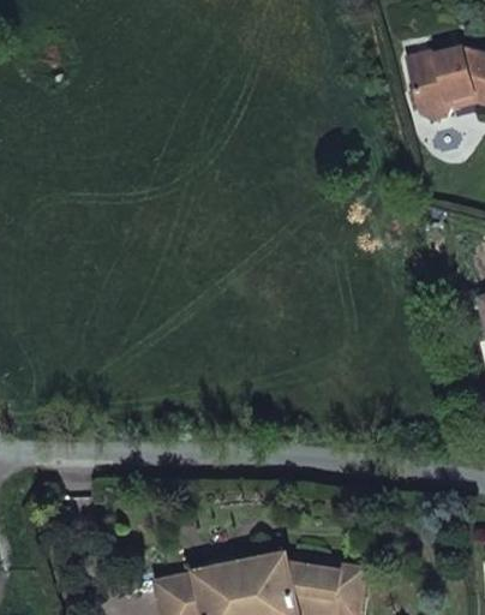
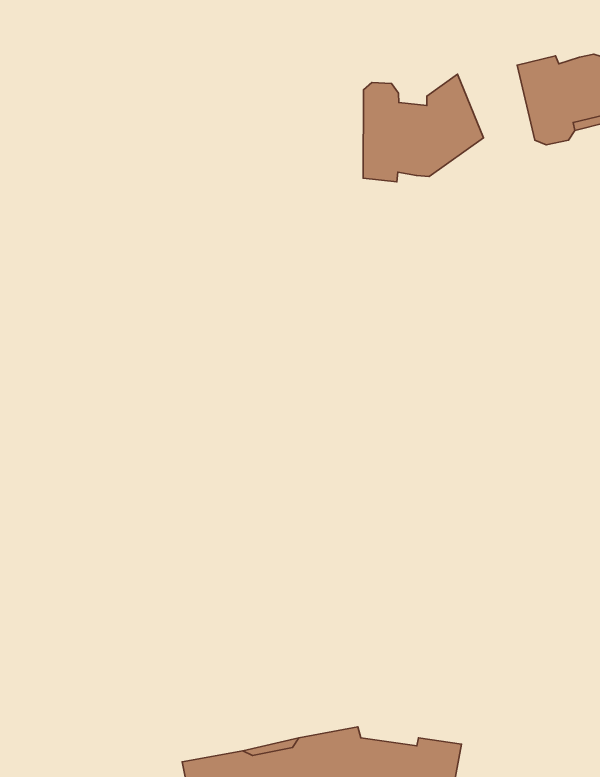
building: none -> [363,74,483,182]

